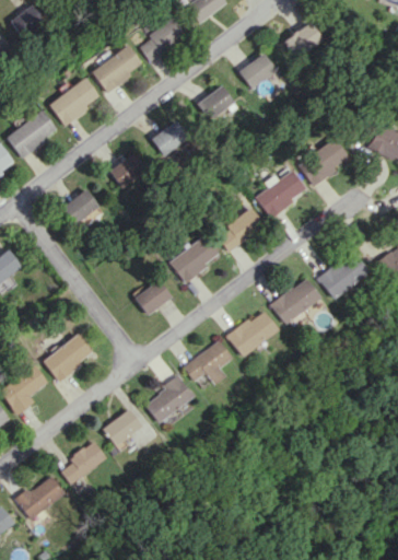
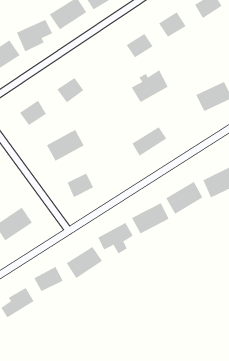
building: [152,121,189,155] -> none
building: [256,170,306,217] -> [131,70,169,103]
building: [169,236,221,282] -> [46,129,84,161]

